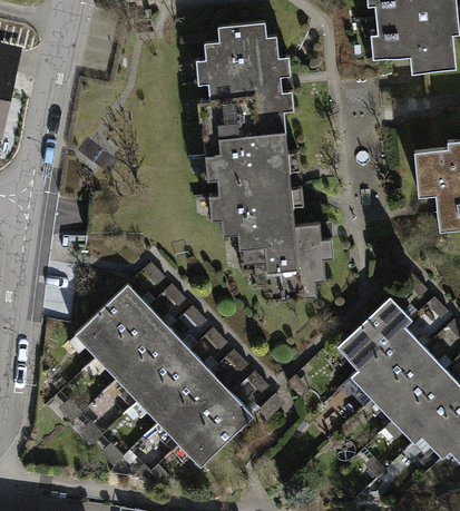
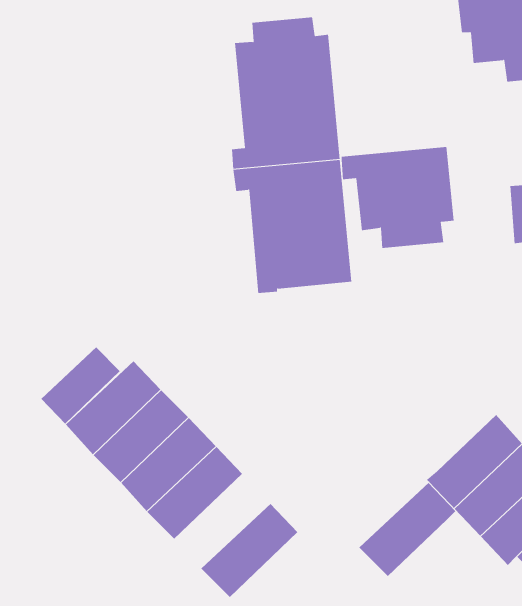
building: [237,223,324,301] -> [341,146,454,248]
building: none -> [41,347,120,424]
building: [336,297,411,370] -> [359,482,456,577]
building: [158,372,232,444] -> none

